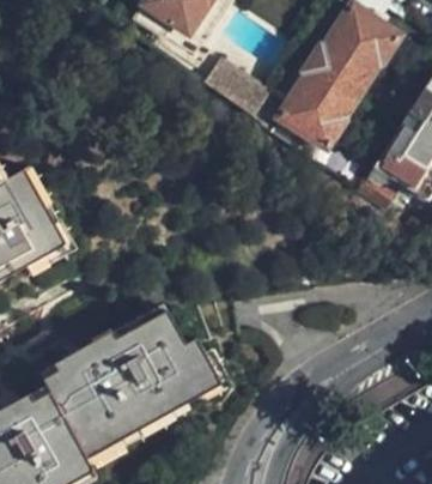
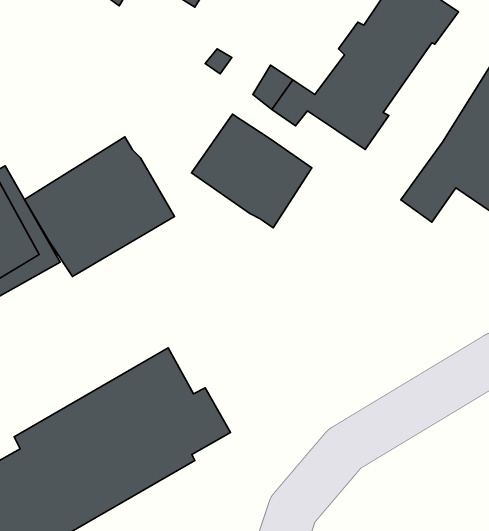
building: none -> [192,114,312,228]
building: none -> [24,137,175,277]

